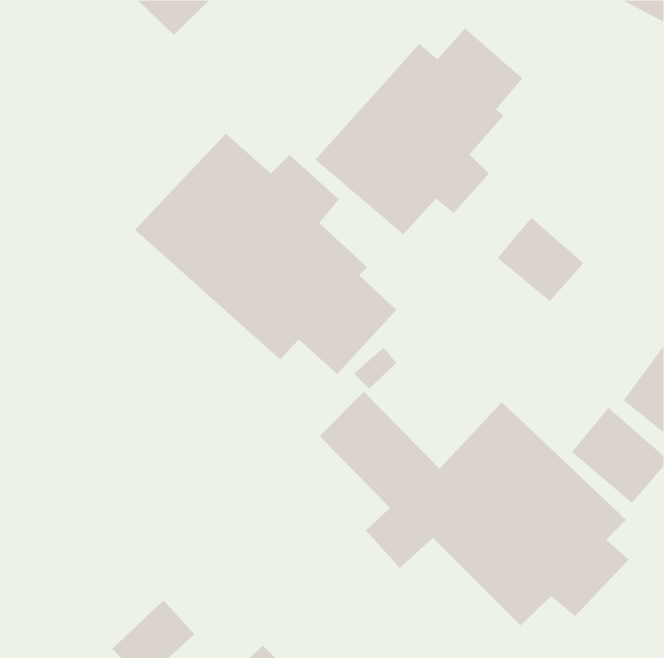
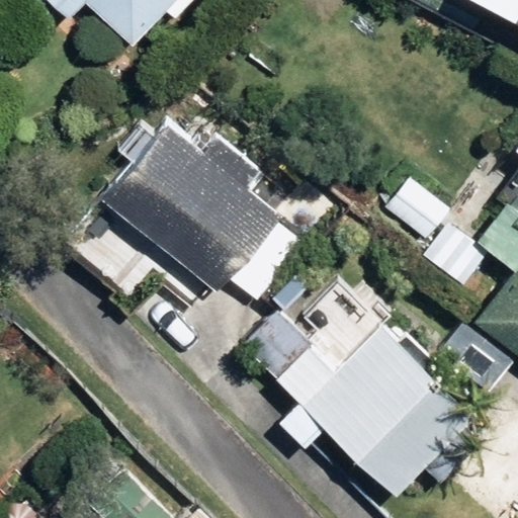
building: [315,27,523,235] -> none

